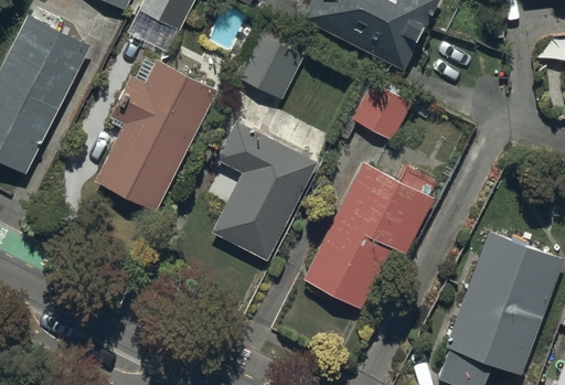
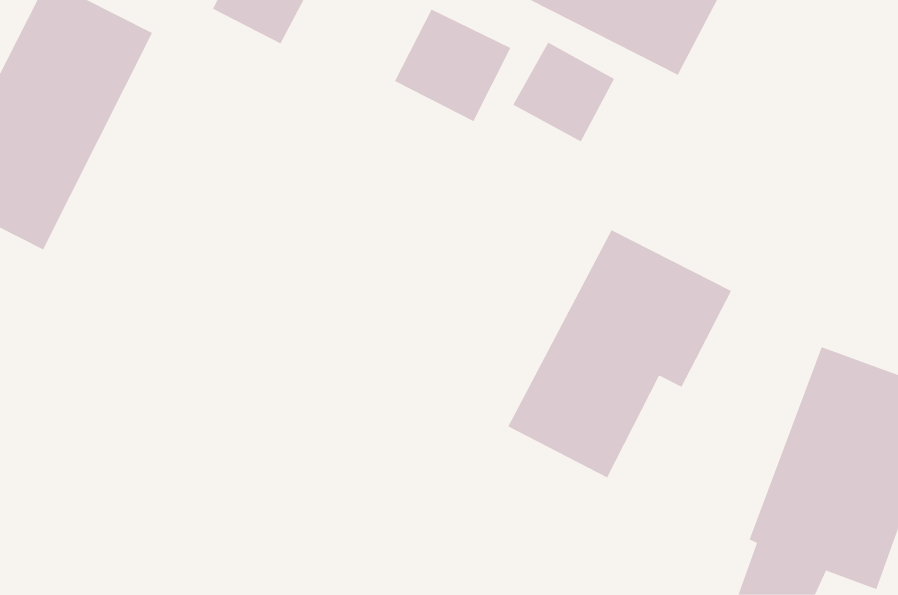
building: [95,58,218,213] -> none
building: [351,81,412,140] -> [513,42,615,142]
building: [211,120,319,261] -> none

